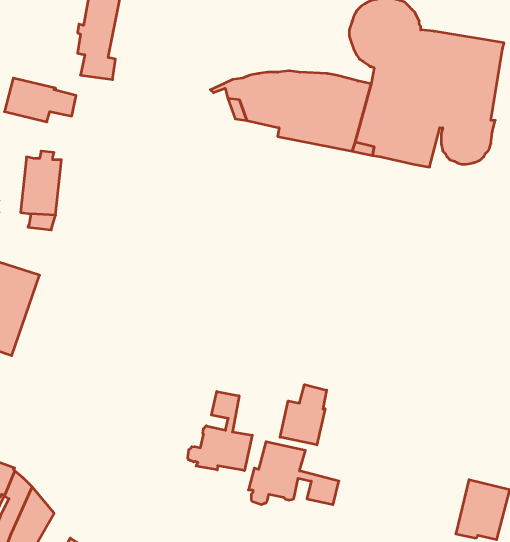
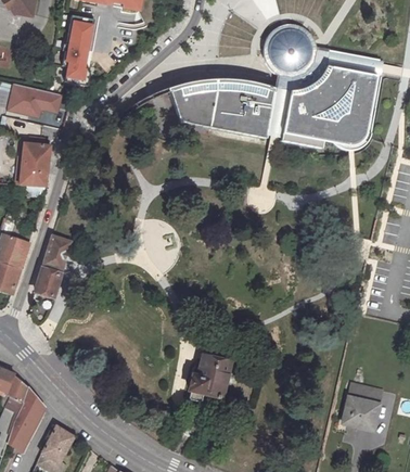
building: none -> [36,237,71,297]
building: [280,385,327,445] -> none
building: [188,391,252,471] -> none

